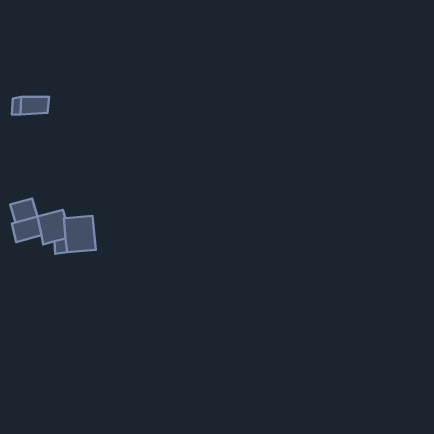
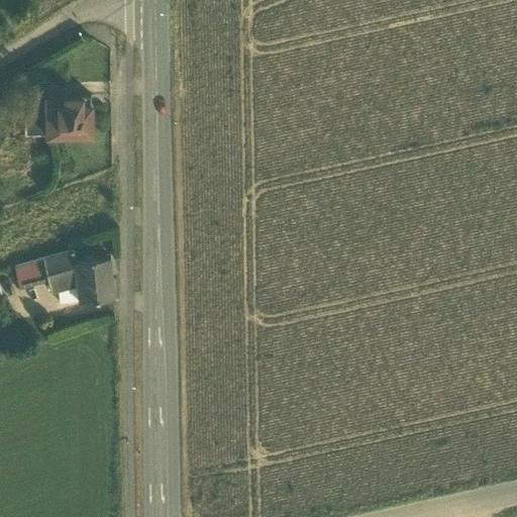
building: none -> [49,96,90,134]
building: [10,199,37,222] -> none

